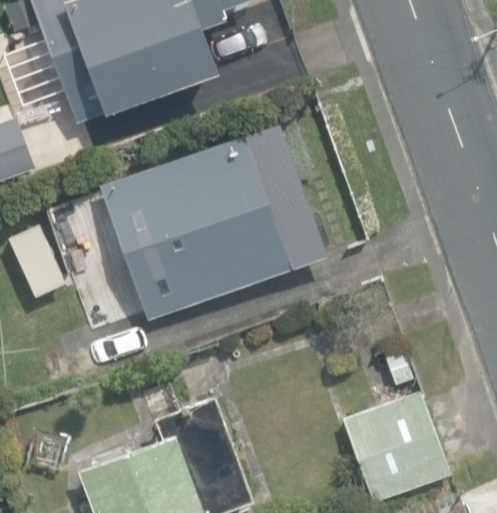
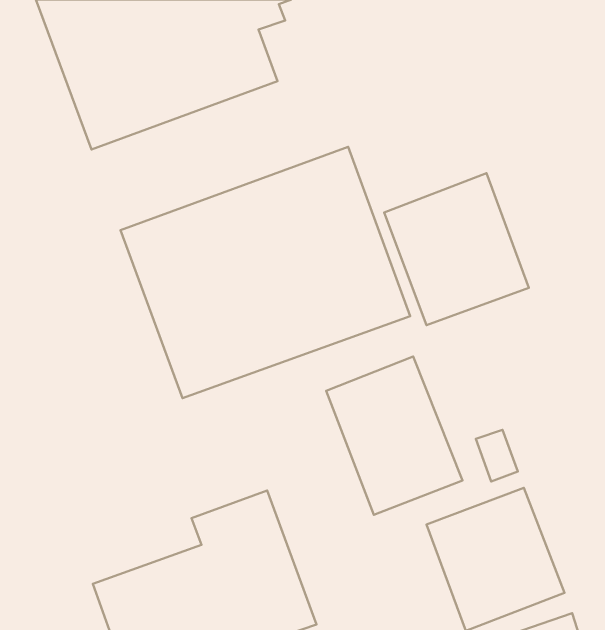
building: none -> [384,173,529,325]
building: none -> [326,356,462,515]

